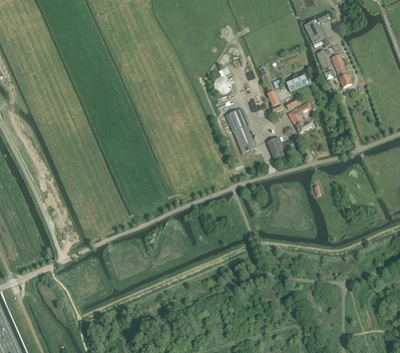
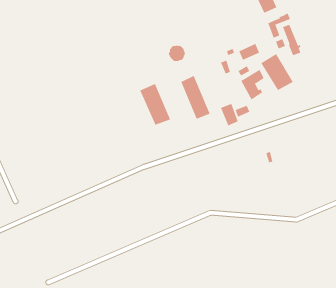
building: none -> [260,53,293,91]
building: none -> [139,83,171,126]

